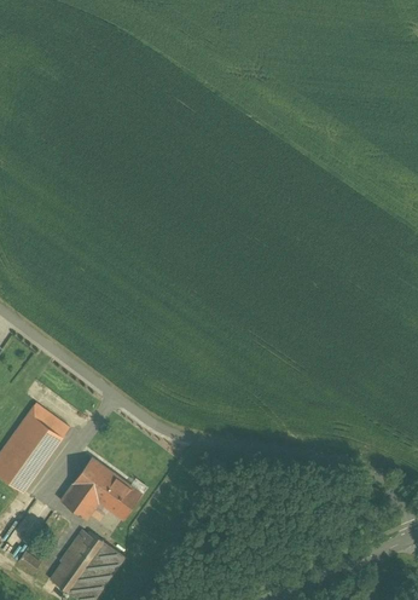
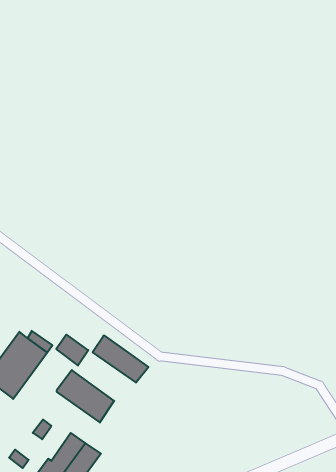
building: none -> [93,336,148,383]
building: [60,483,98,519] -> [56,335,88,366]

